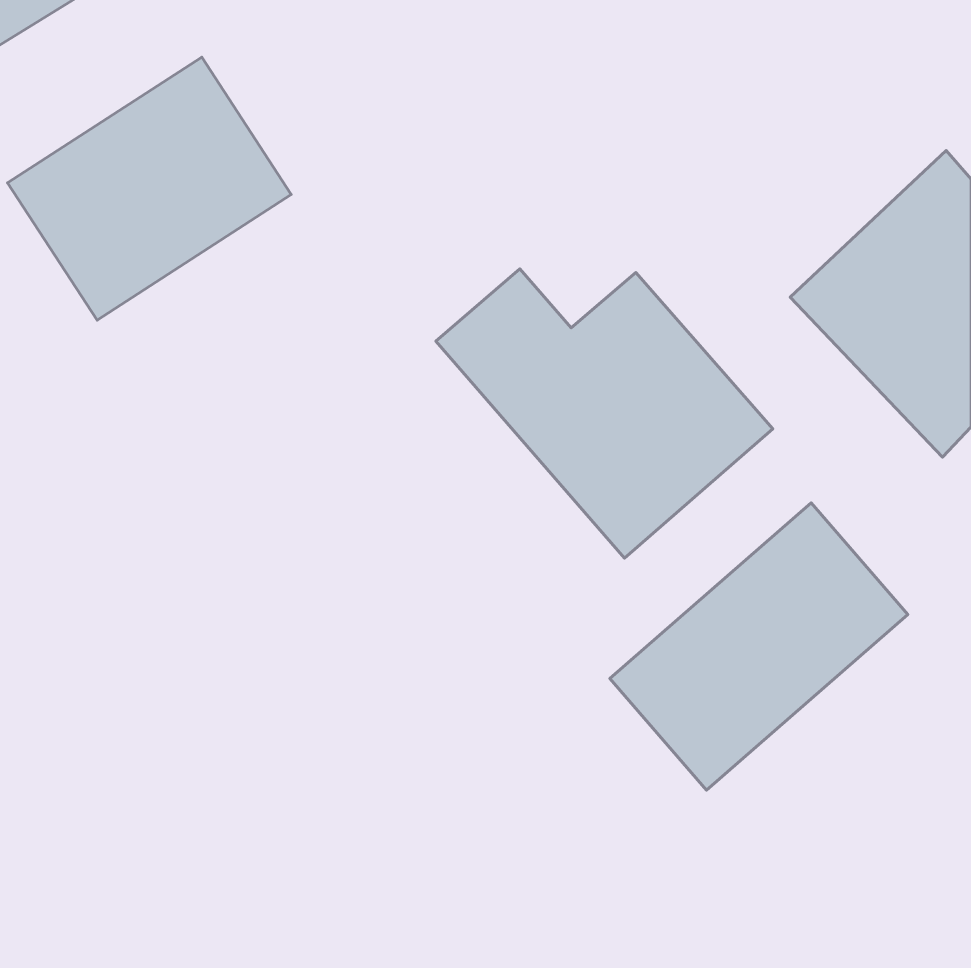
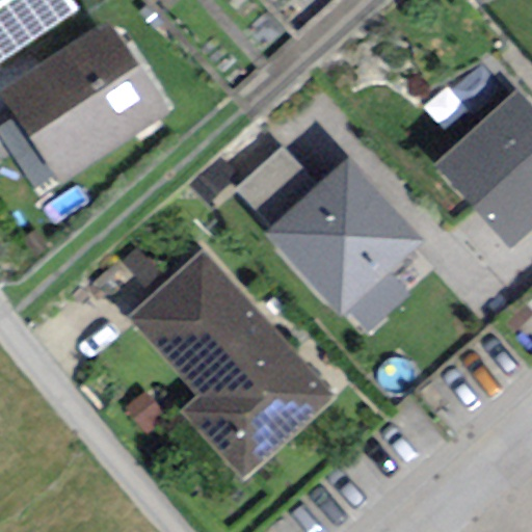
building: none -> [134,262,327,477]
building: [610,503,908,790] -> none

